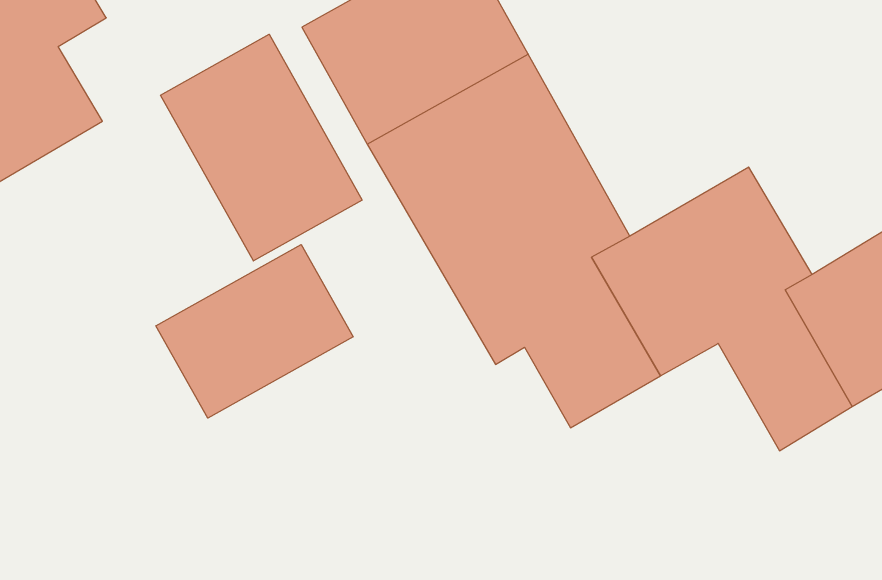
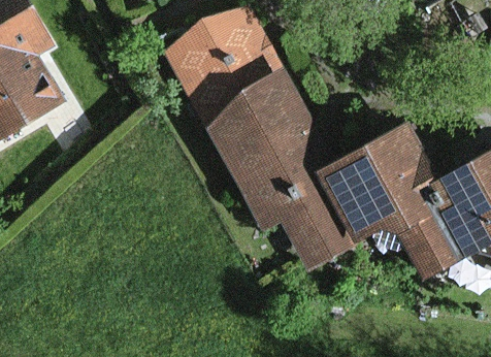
building: [161,34,362,261] -> none
building: [156,245,353,418] -> none

